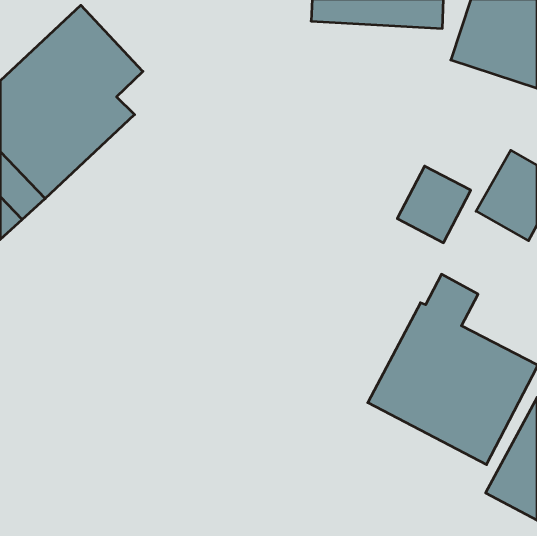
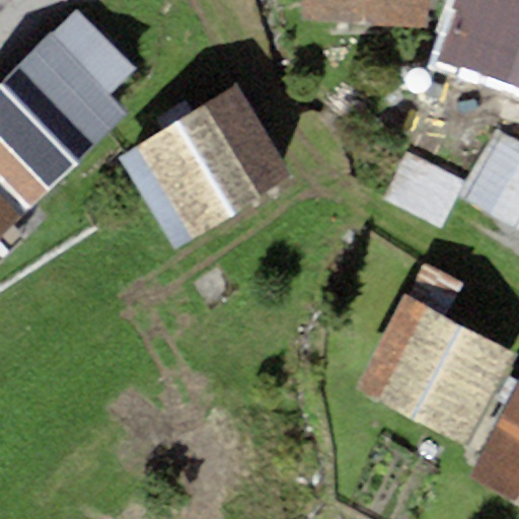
building: none -> [118,84,293,247]

